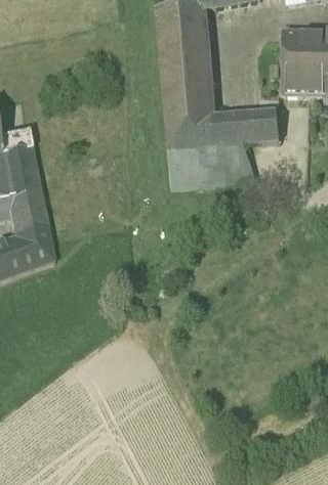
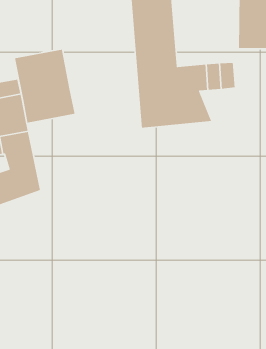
building: none -> [14,49,75,124]

